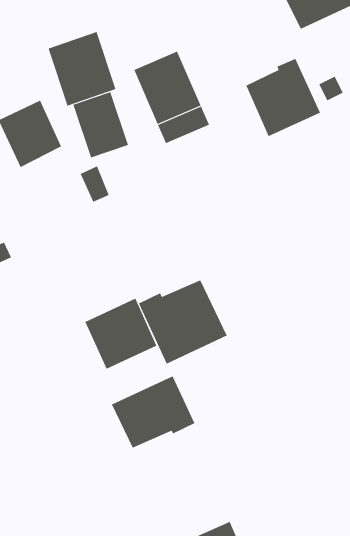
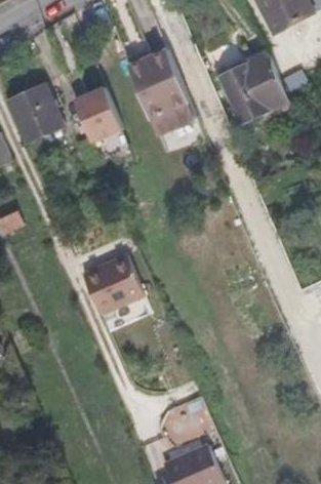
building: [48,31,116,107] -> none
building: [138,279,228,364] -> none
building: [111,375,195,449] -> none

